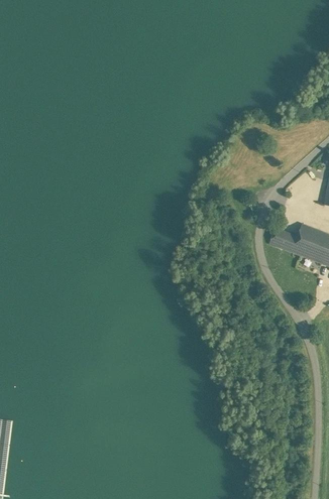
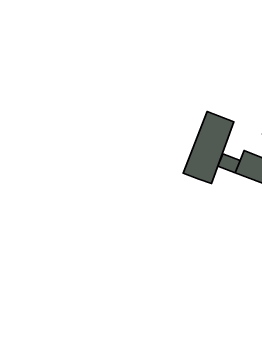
building: none -> [183,112,234,183]

